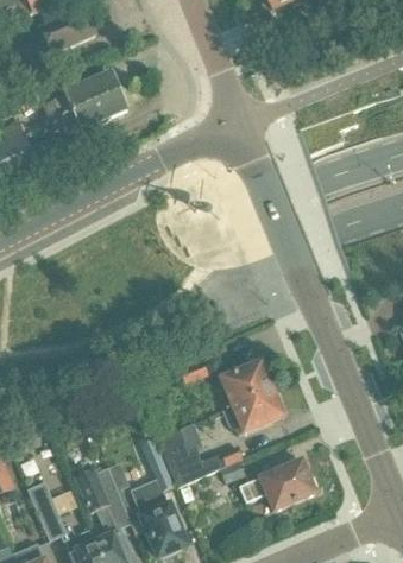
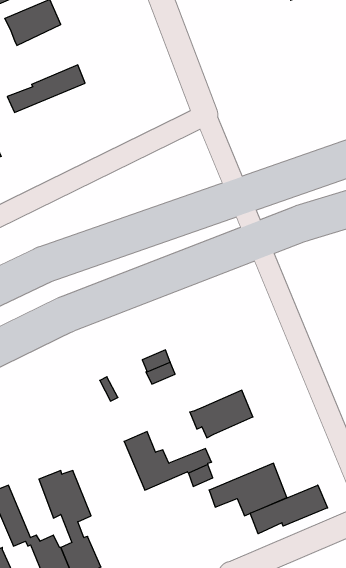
building: [51,89,127,129] -> none
building: [216,361,273,409] -> none
building: [132,438,189,556] -> none
building: none -> [250,485,328,534]

